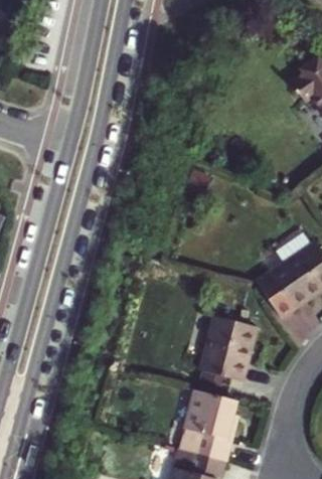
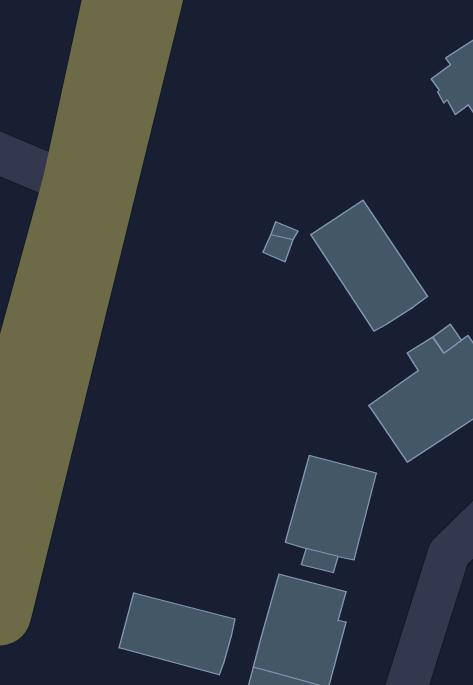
building: none -> [311,200,428,331]
building: none -> [119,593,235,675]

